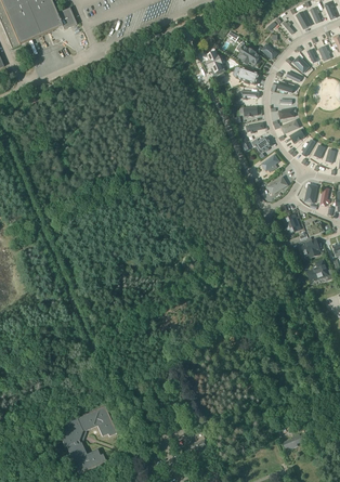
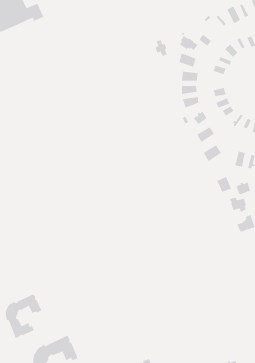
building: none -> [5,294,42,339]

